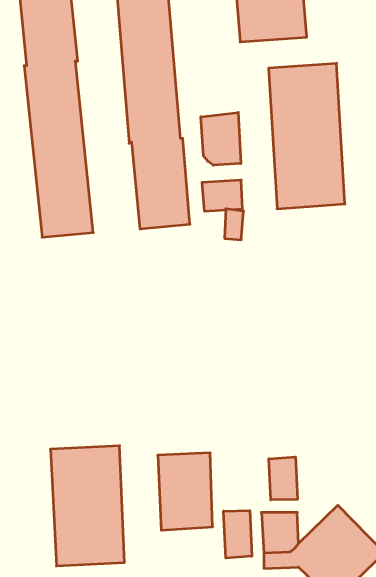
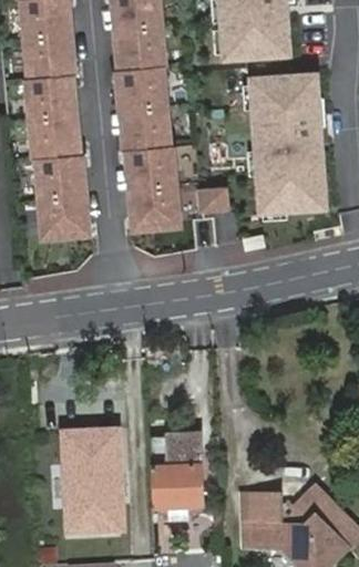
building: [201,112,241,165] -> none
building: [269,457,297,500] -> none
building: [224,511,252,558] -> none

